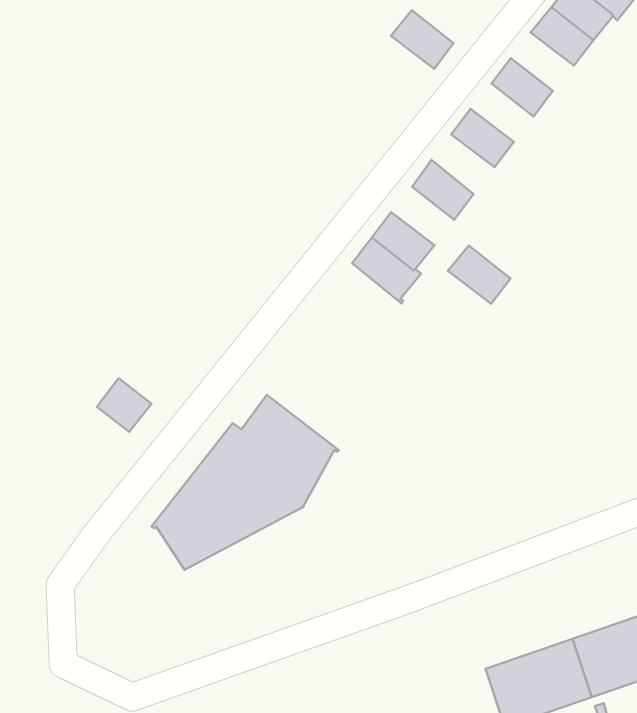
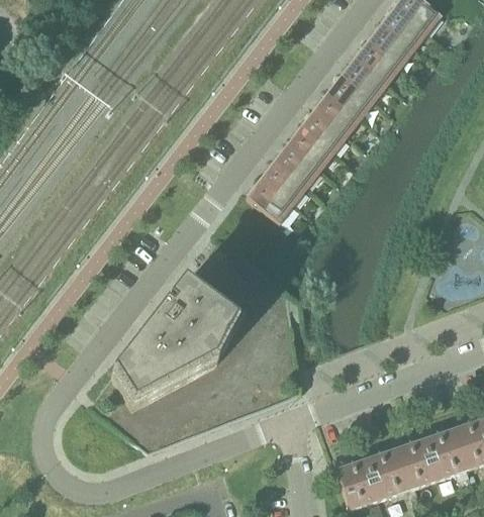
building: [391,10,454,69] -> [329,74,372,113]
building: none -> [357,39,399,79]
building: none -> [303,108,346,148]
building: [448,245,511,304] -> [276,143,318,183]
building: [97,379,152,432] -> none

